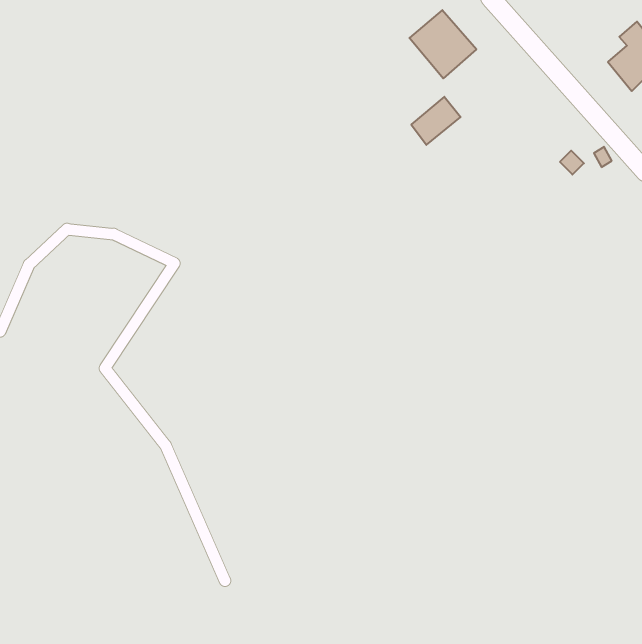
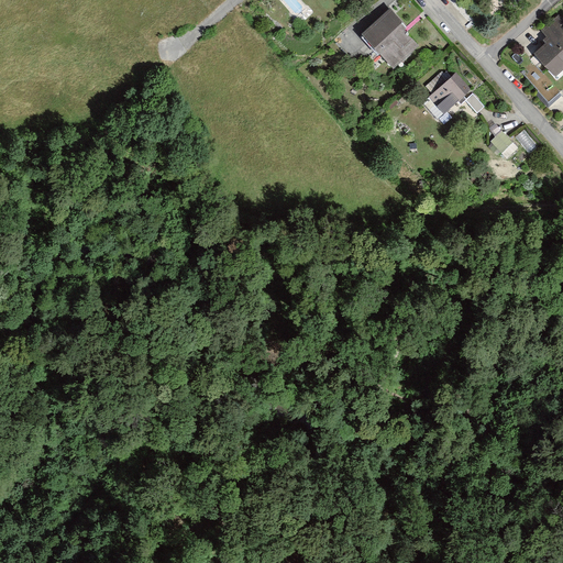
building: [411,97,461,145] -> [431,71,474,113]

